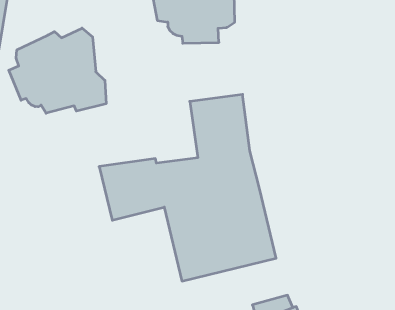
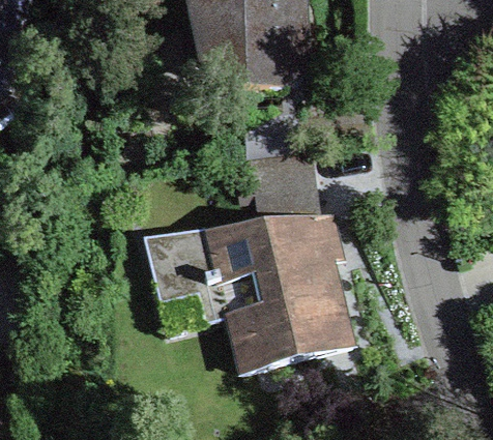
building: [9,28,106,113] -> none

